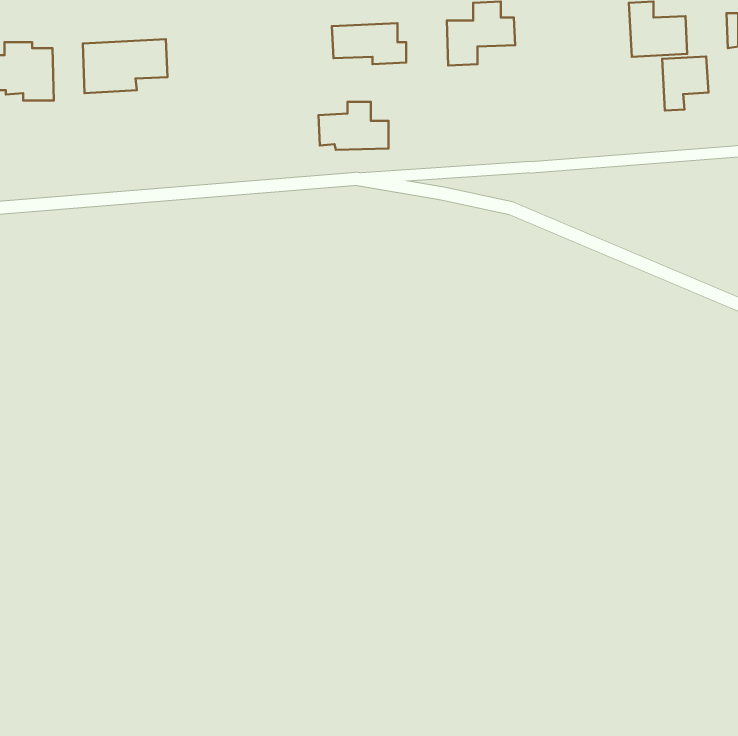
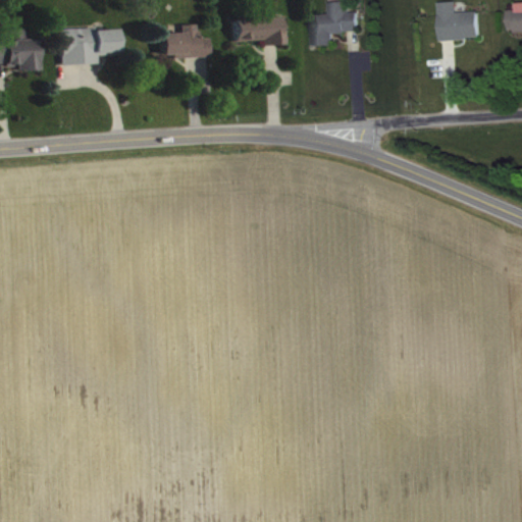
building: [662,56,709,110] -> none
building: [319,102,388,150] -> [159,24,208,58]

